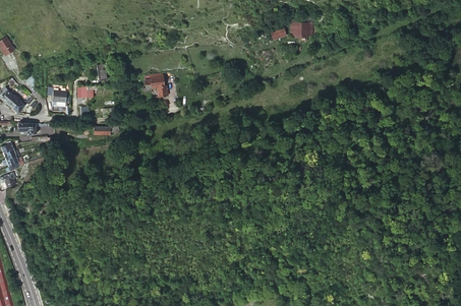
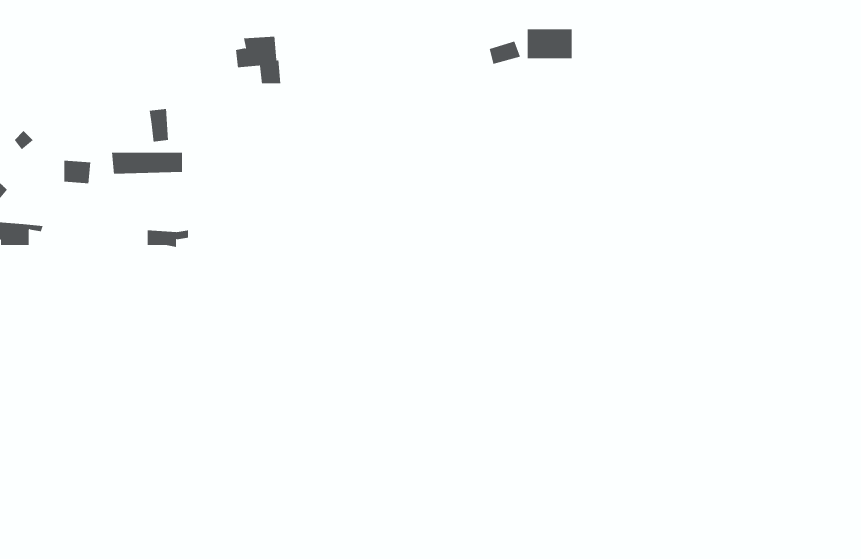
building: [143,73,167,98] -> [235,36,281,84]

